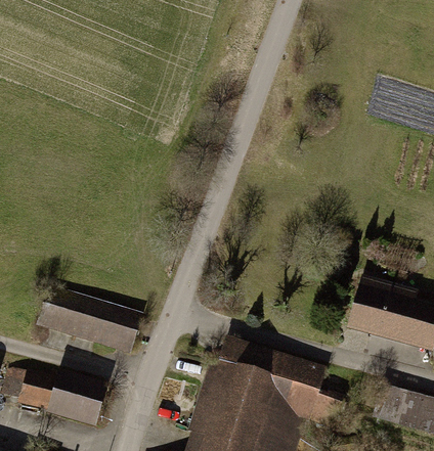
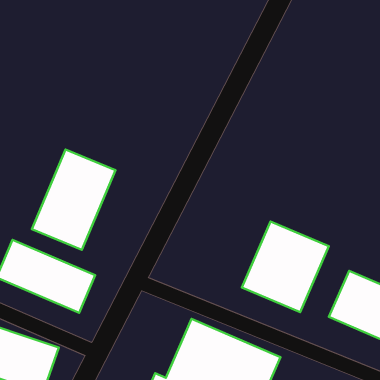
building: none -> [32,150,116,250]
building: none -> [242,221,329,312]

